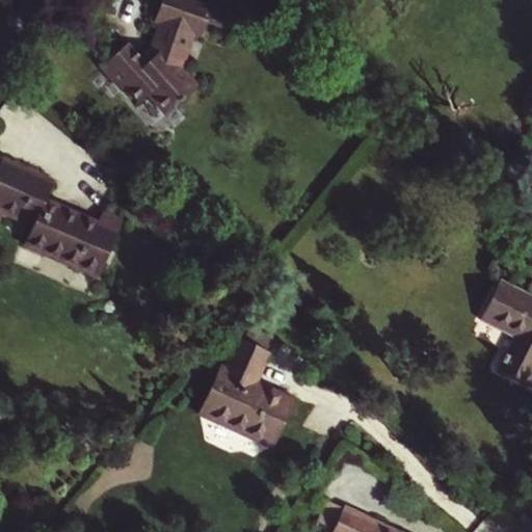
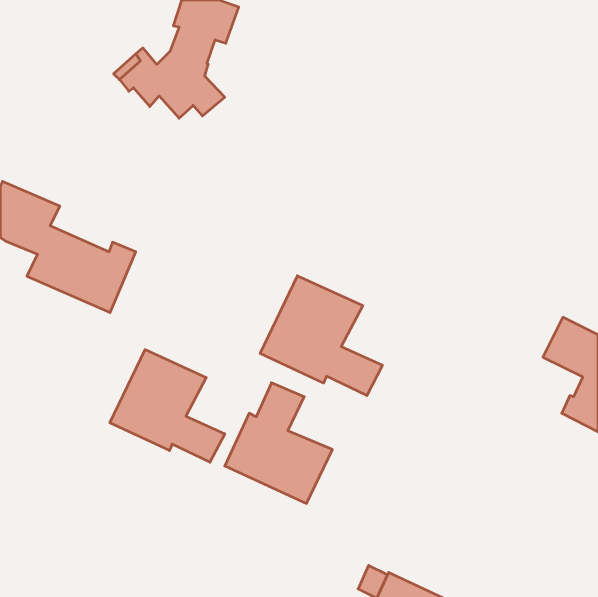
building: none -> [260,276,382,396]
building: none -> [110,350,225,462]

